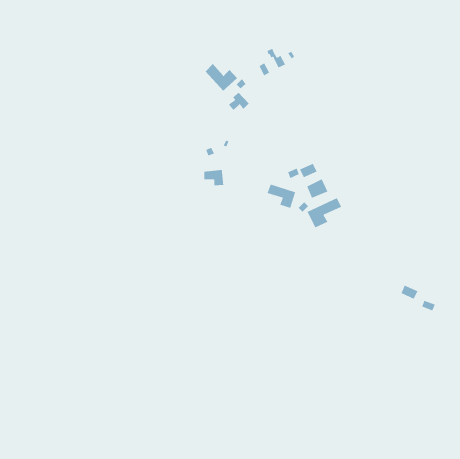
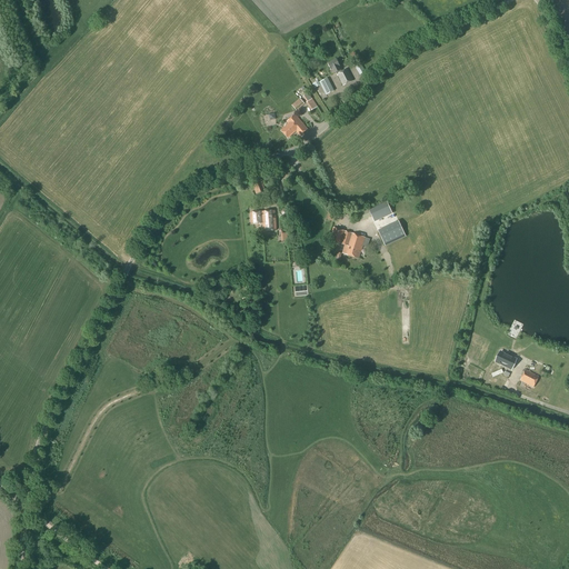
building: [205,63,238,91] -> none
building: [307,197,342,229] -> none

